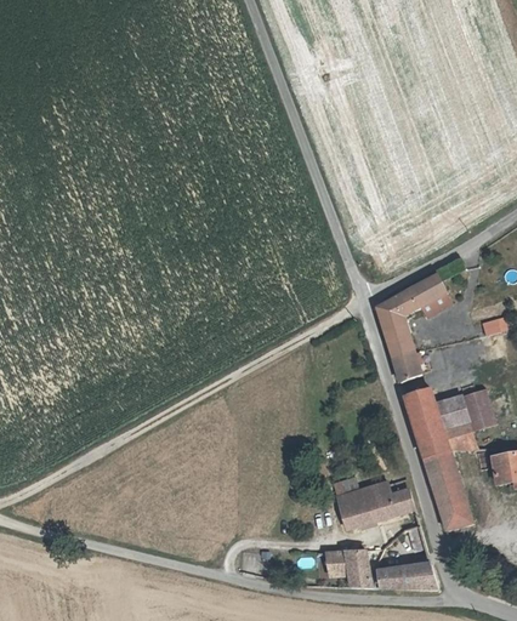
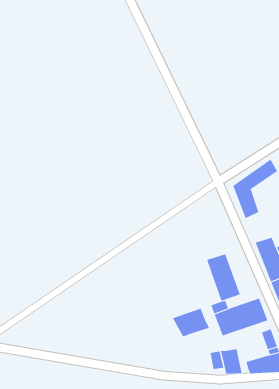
building: [393,349,421,381] -> none
building: none -> [206,253,241,301]
building: none -> [172,308,210,337]

